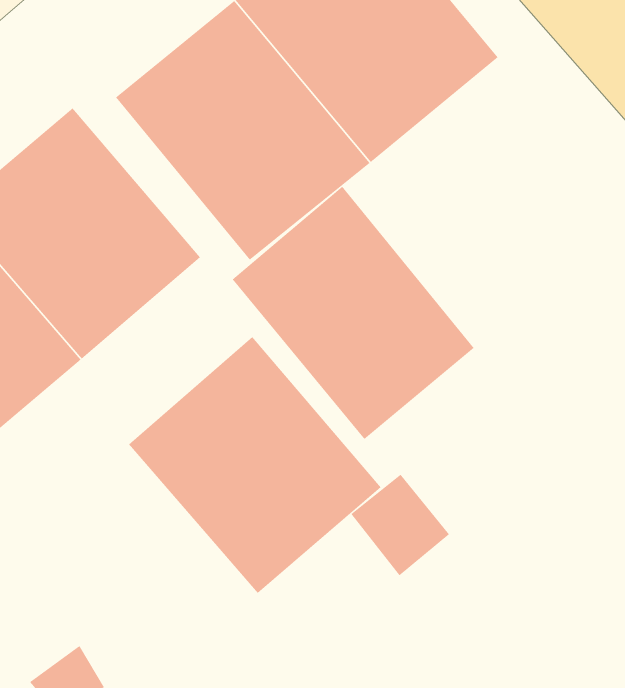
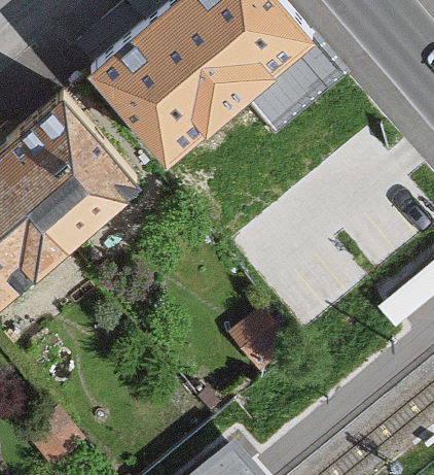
building: [232,186,475,440] -> none
building: [128,336,381,594] -> none

